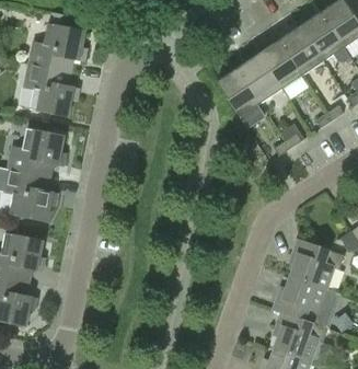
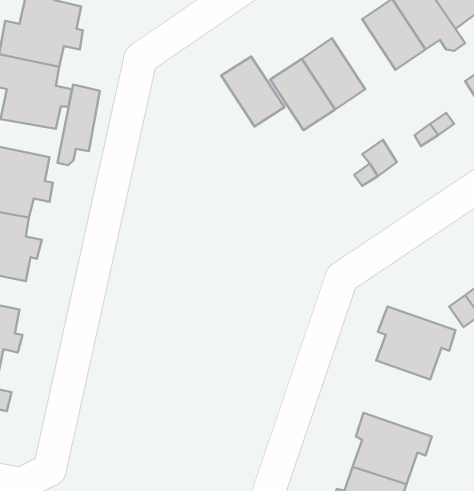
building: [258,41,302,89] -> [221,57,285,126]
building: none -> [58,85,100,165]
building: [272,276,339,328] -> none

